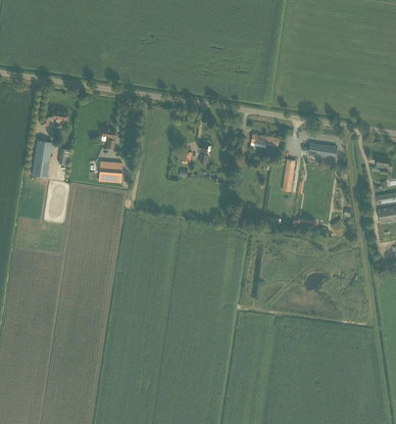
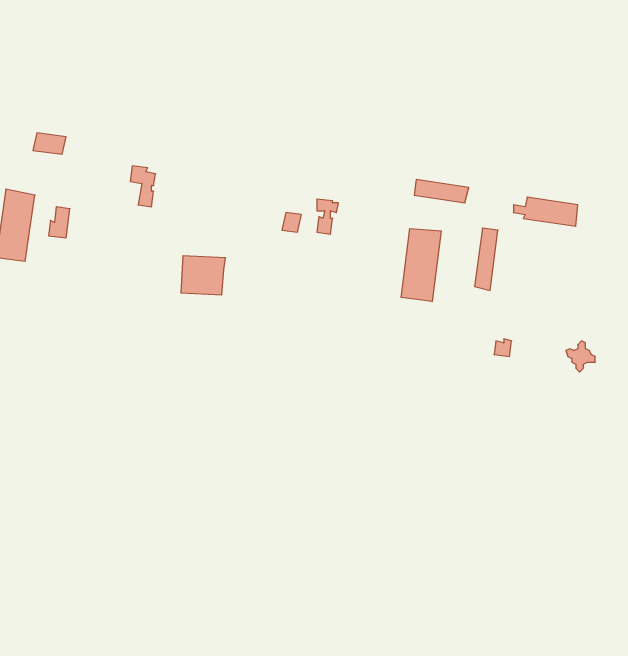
building: none -> [401,229,441,302]
building: [99,161,122,182] -> [181,256,226,295]

